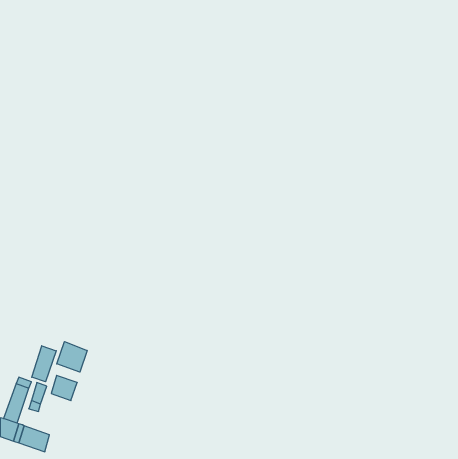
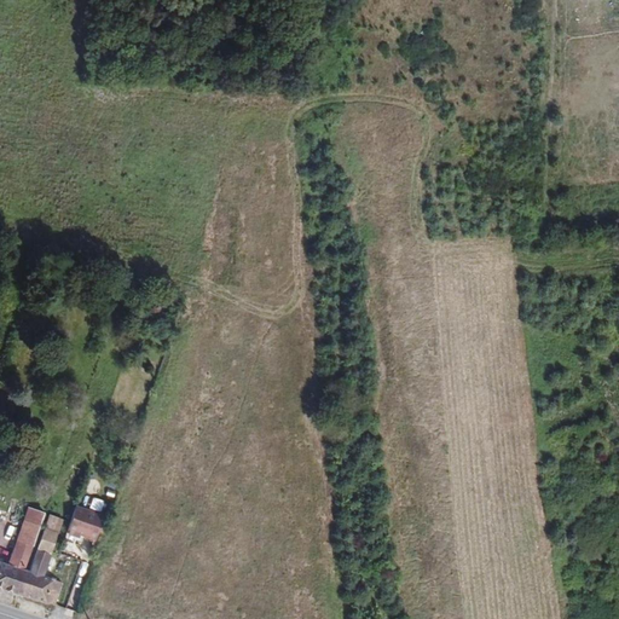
building: [57,342,87,372] -> none
building: [32,346,56,382] -> none

